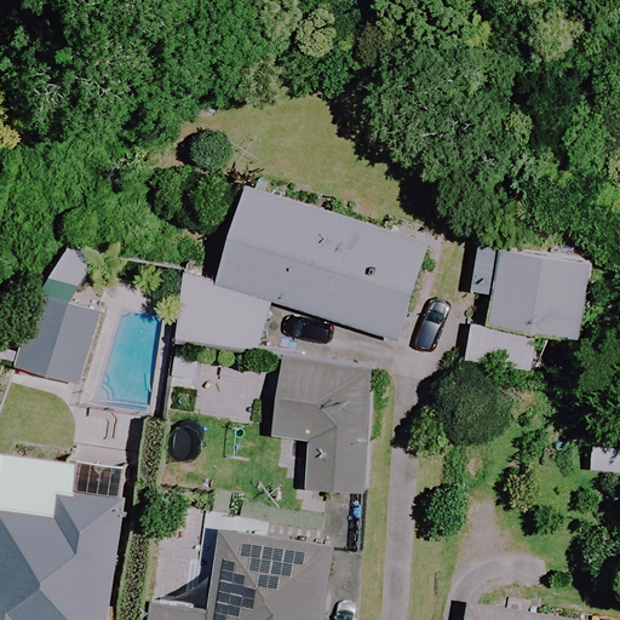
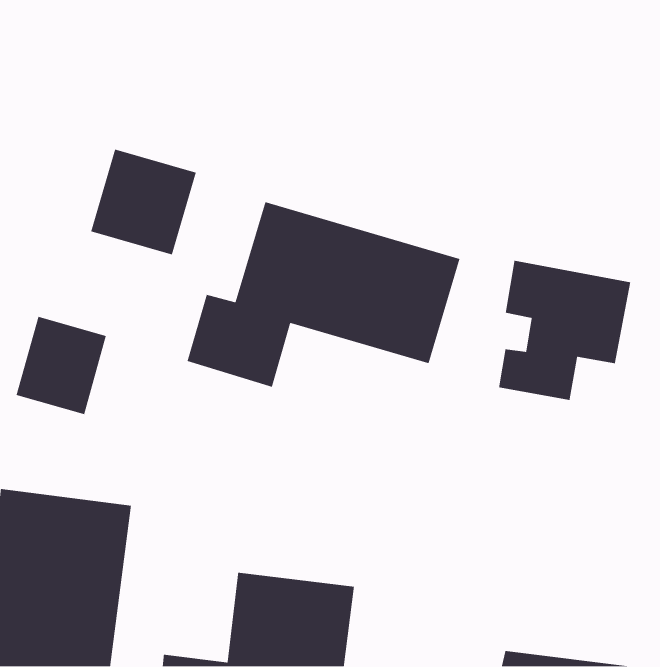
building: none -> [90,148,197,256]
building: [275,360,372,492] -> none

